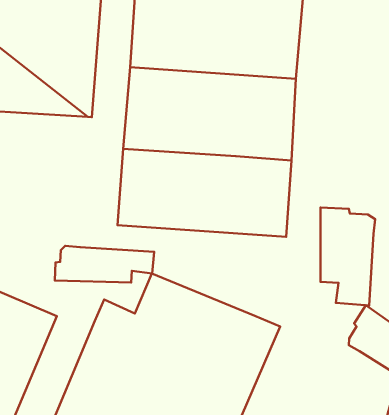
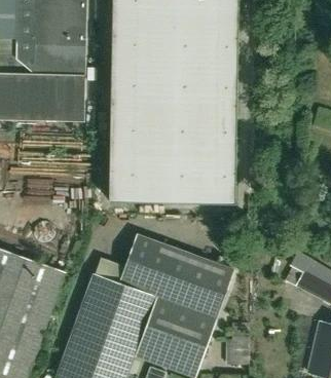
building: [321,208,375,305] -> none
building: [55,246,154,283] -> none

